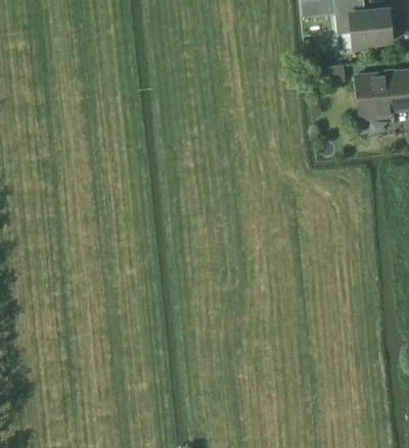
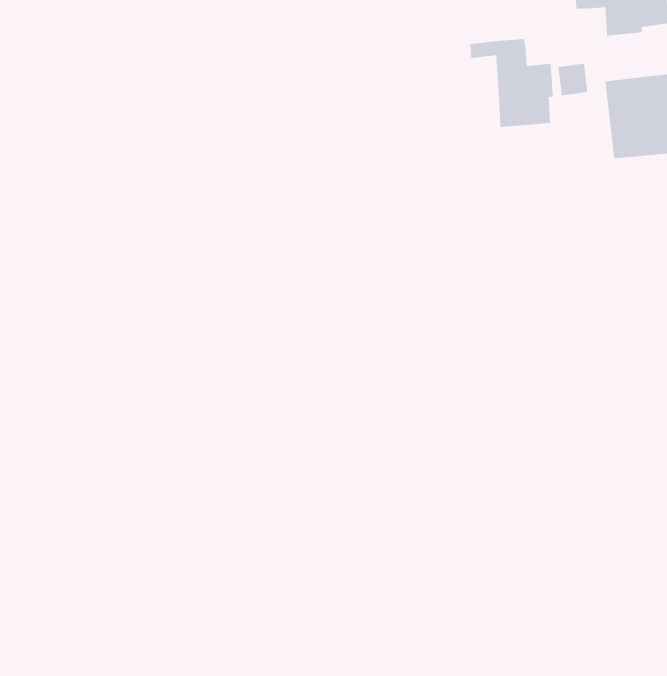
building: none -> [470,38,553,128]

